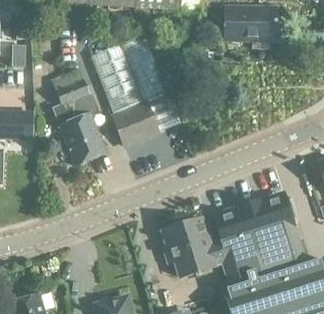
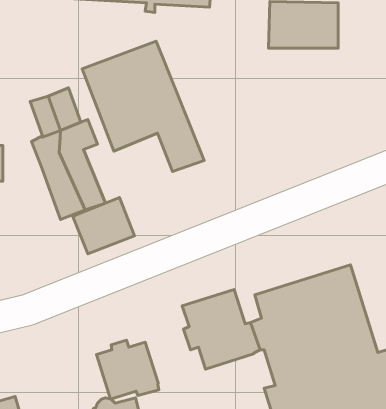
building: [109,101,154,142] -> [73,197,134,254]
building: none -> [96,340,159,399]

